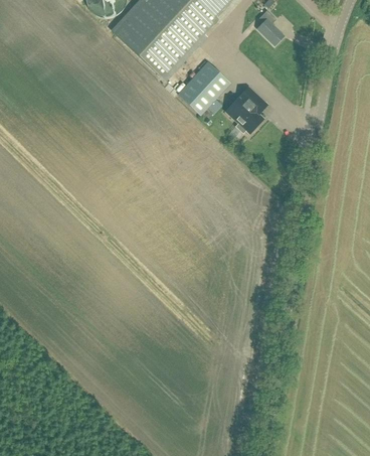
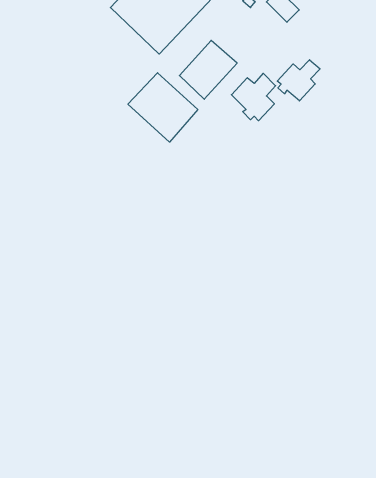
building: none -> [277,60,320,101]
building: none -> [128,73,198,142]

